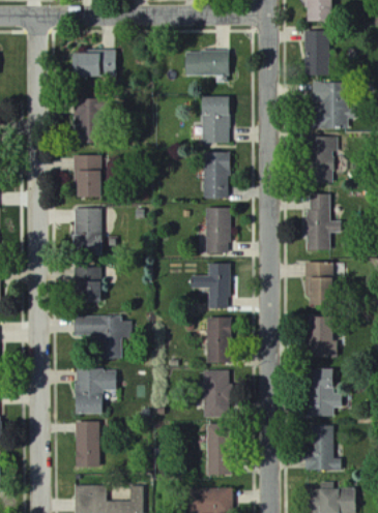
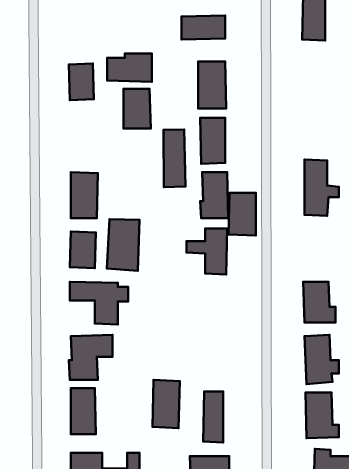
building: [70,50,115,78] -> [107,54,152,82]
building: [311,83,345,129] -> none
building: [308,138,339,185] -> none
building: [74,156,100,195] -> [124,89,151,128]
building: none -> [164,129,185,187]
building: none -> [107,219,139,271]
building: [304,262,331,304] -> [229,193,256,236]
building: [206,316,229,363] -> none
building: [203,369,230,417] -> [153,380,180,428]

